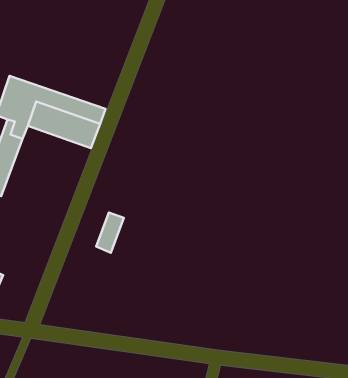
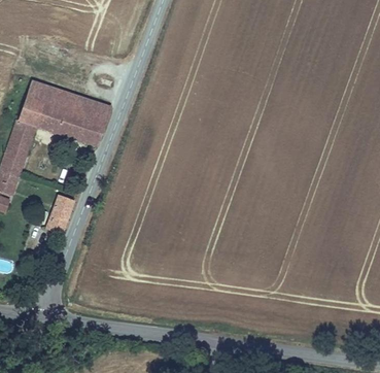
building: [96,212,124,253] -> [46,196,73,235]

